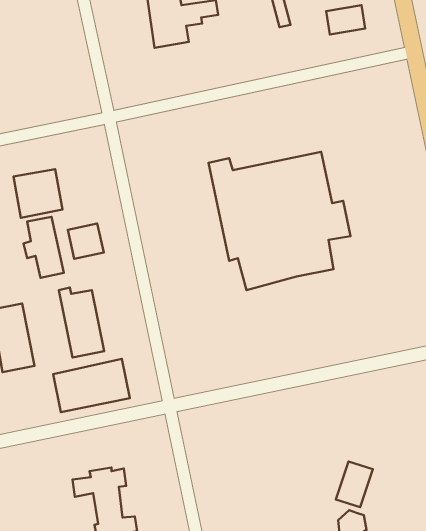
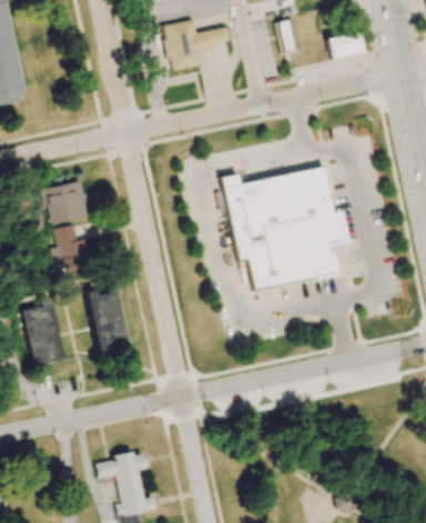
building: [68,223,104,259] -> none
building: [53,359,130,412] -> none
building: [336,462,373,507] -> none

